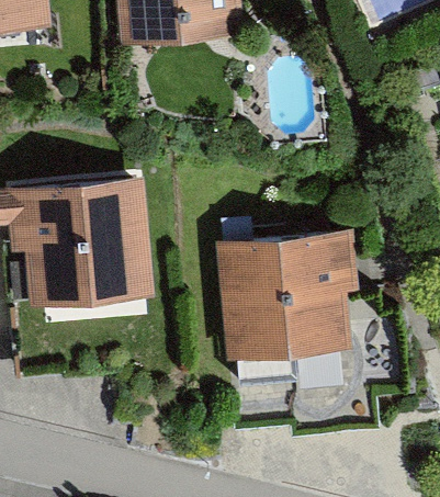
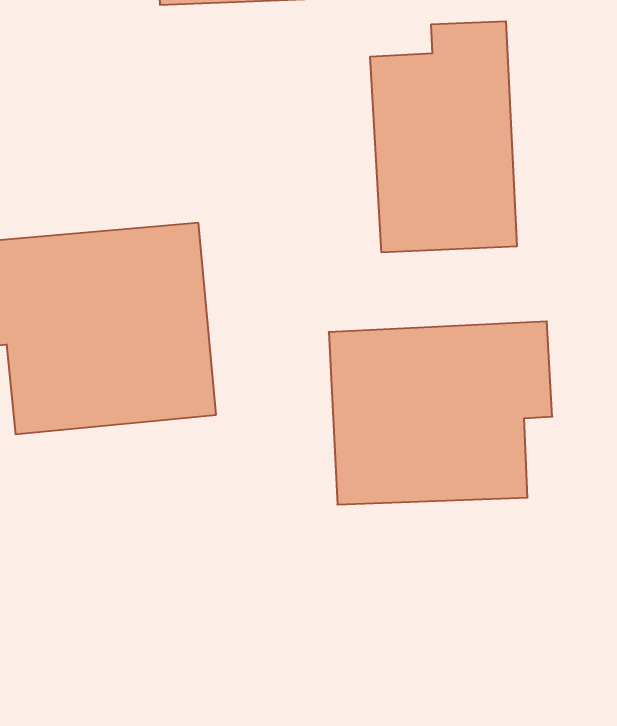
building: none -> [370,21,517,252]

